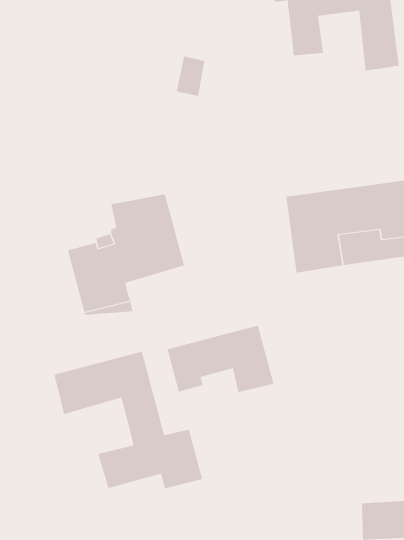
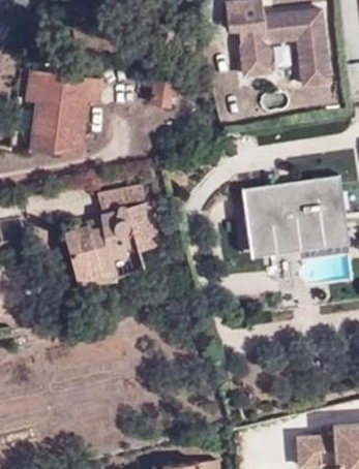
building: none -> [26,70,102,157]
building: [167,325,274,393] -> none
building: [54,351,203,489] -> none

